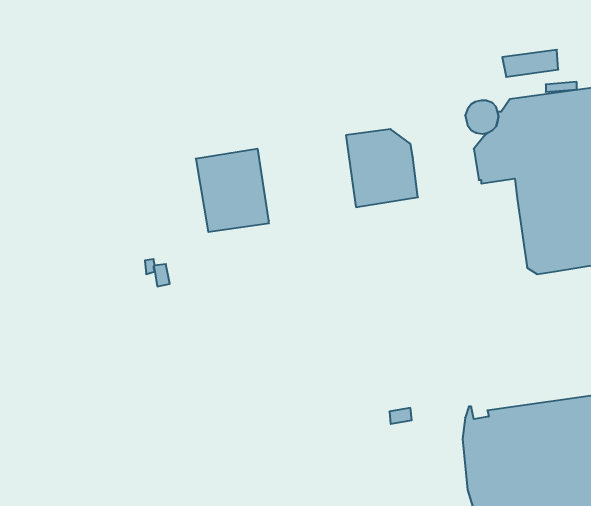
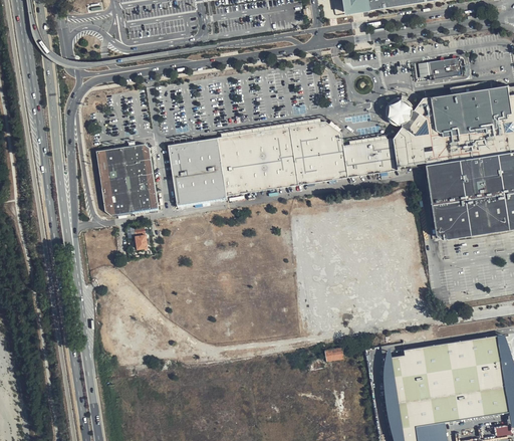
building: none -> [218,127,297,196]
building: none -> [343,138,398,177]
building: none -> [95,144,159,216]

